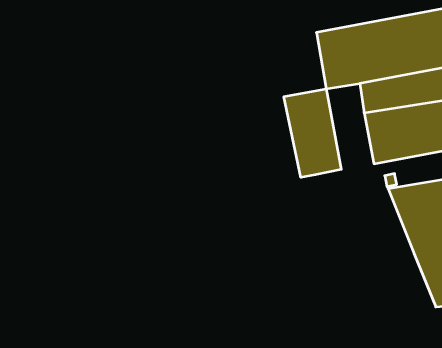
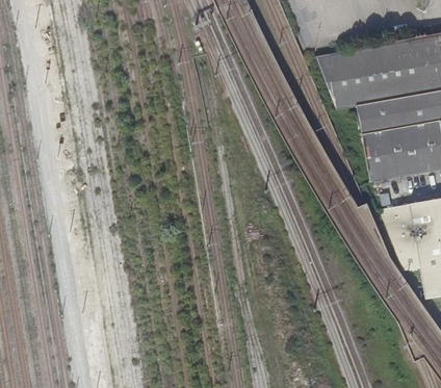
building: [284,89,341,177] -> none

